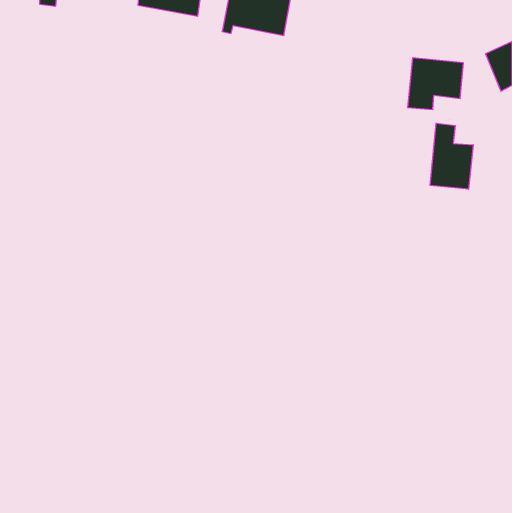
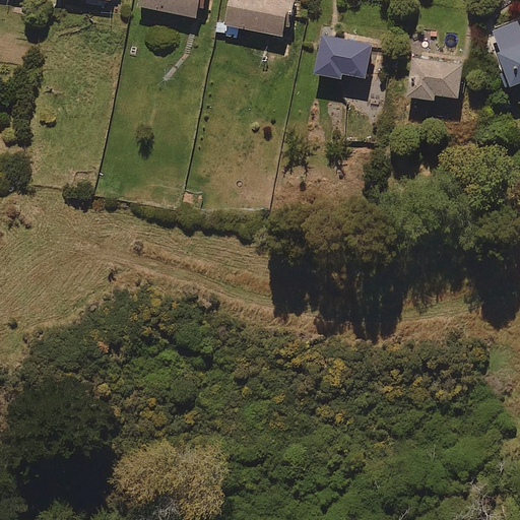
building: none -> [316,35,373,78]
building: [430,123,473,189] -> none

